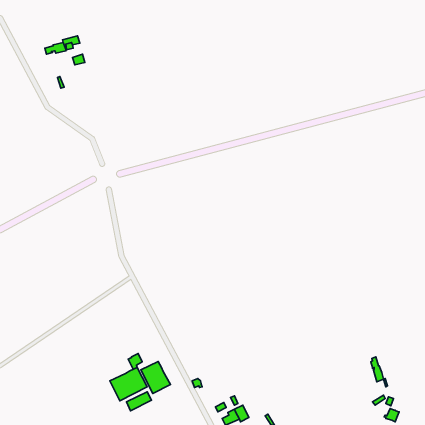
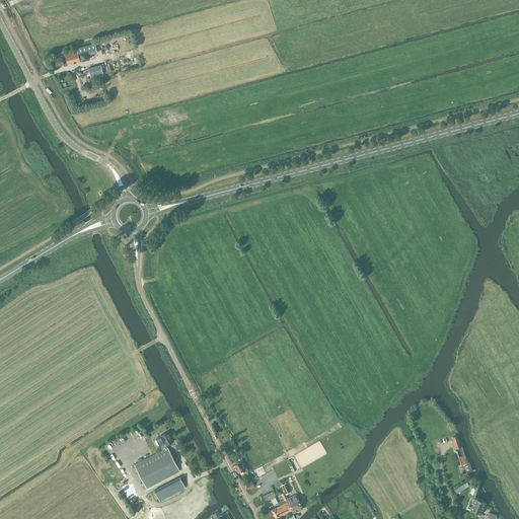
building: [141,361,170,394] -> none

